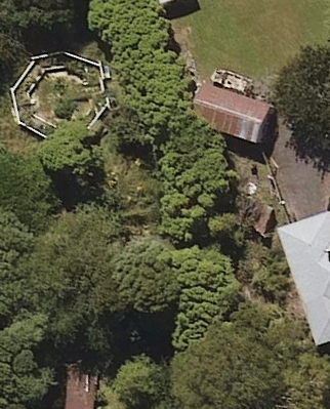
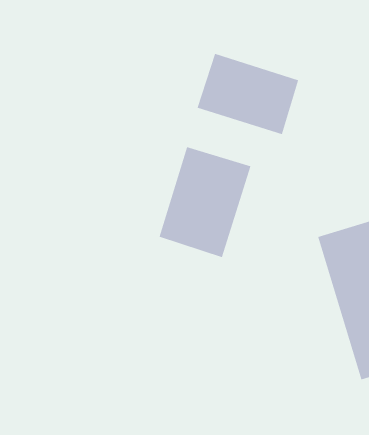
building: none -> [158,146,252,258]

